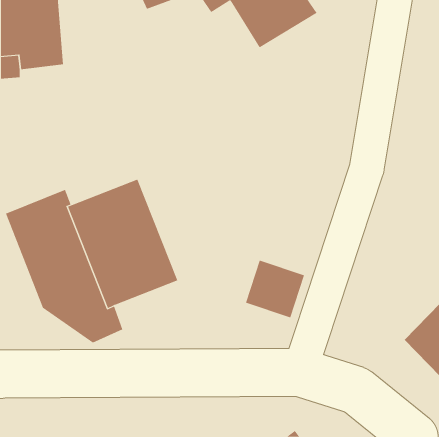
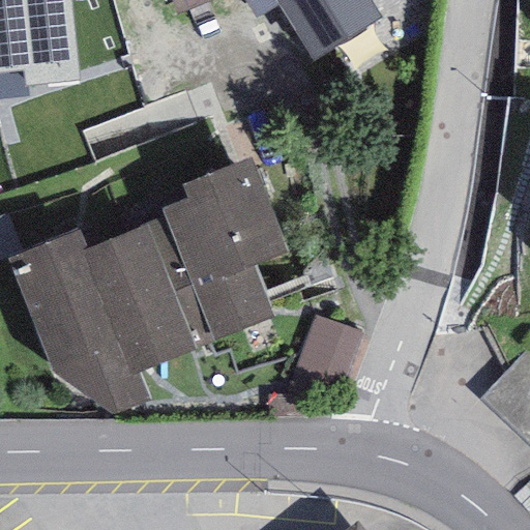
building: none -> [163,155,288,337]

